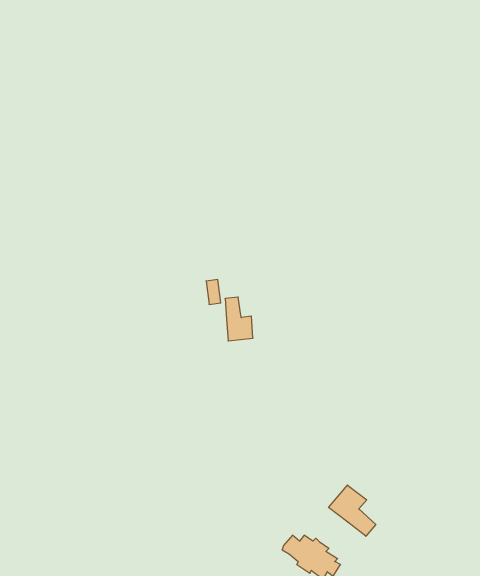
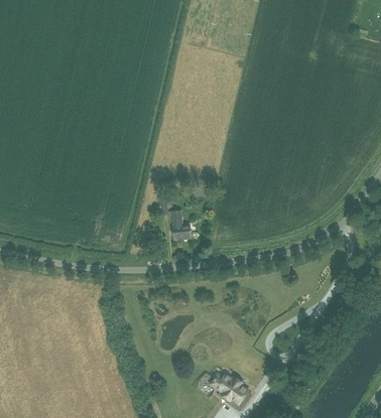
building: [329,485,376,536] -> none

